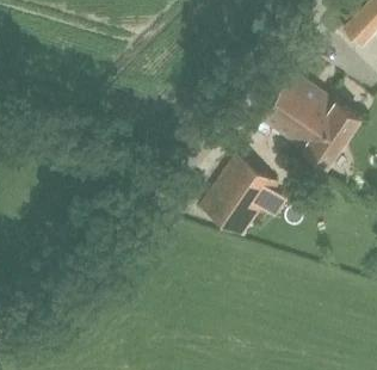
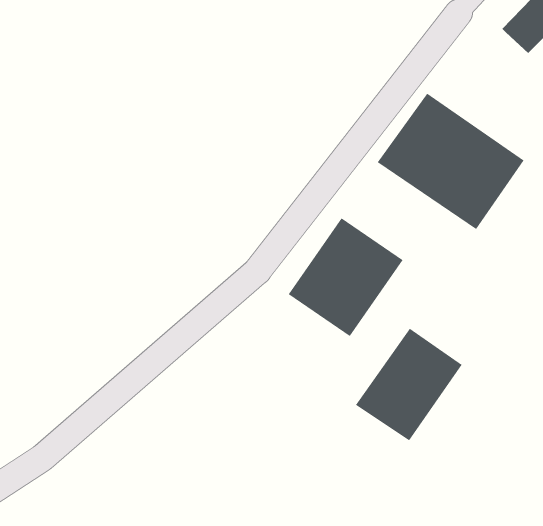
building: none -> [355,328,463,441]

